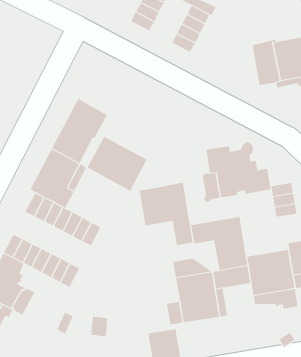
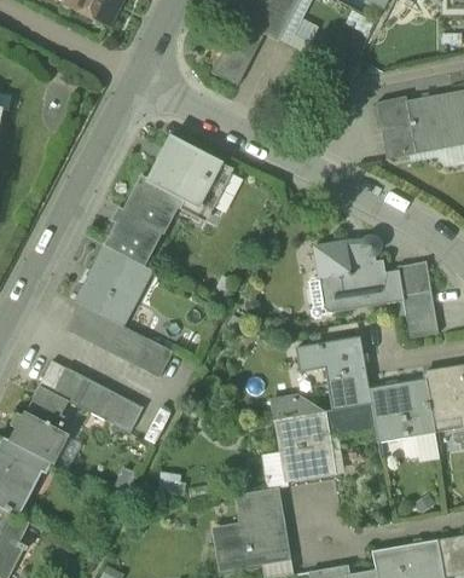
building: [87,136,148,191] -> [149,138,231,213]
building: none -> [398,260,431,294]
building: [139,182,193,246] -> none

